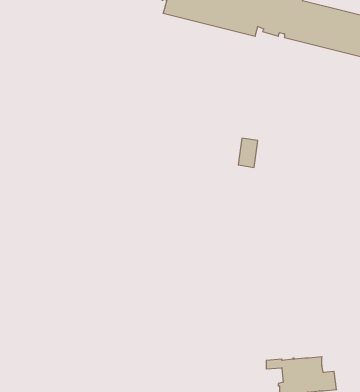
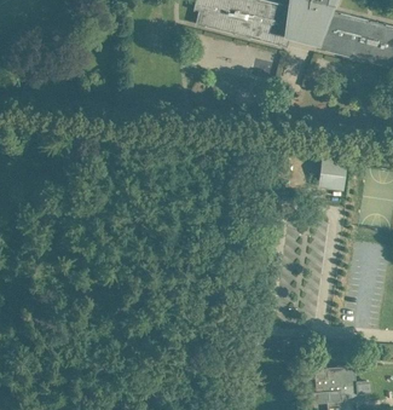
building: none -> [317,156,345,190]

